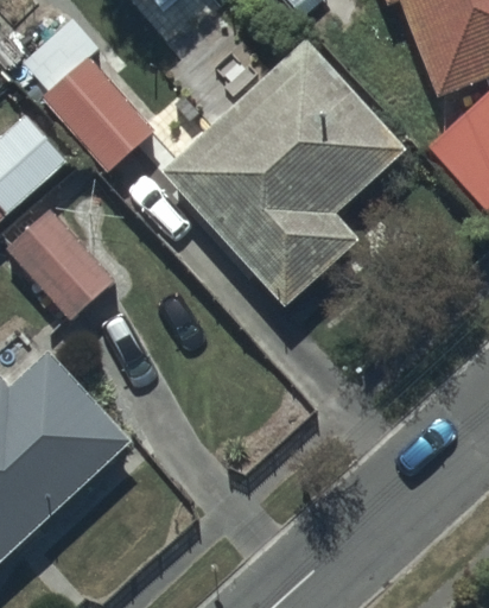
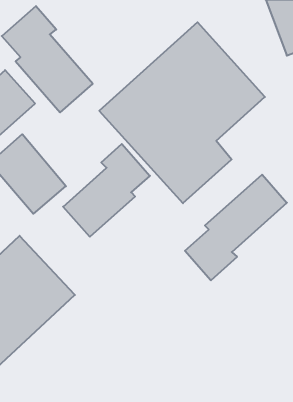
building: none -> [63,144,150,237]
building: none -> [185,175,287,280]

